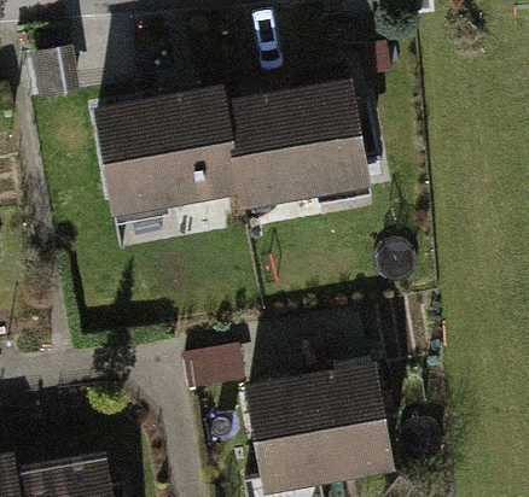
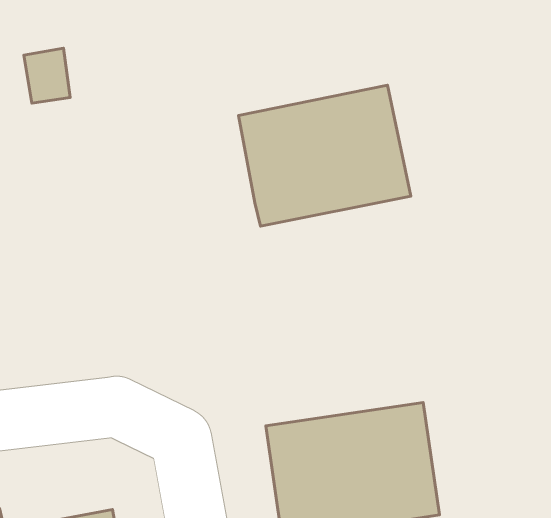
building: [81,89,233,215] -> none

